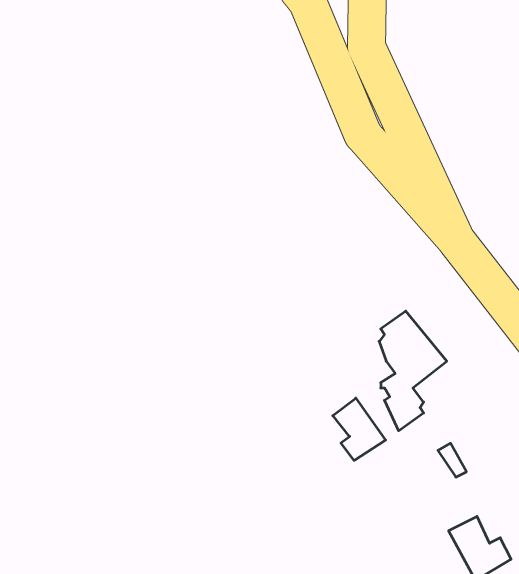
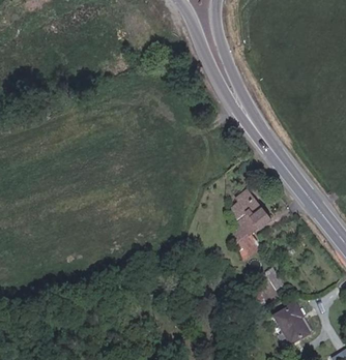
building: [333,398,386,460] -> none

